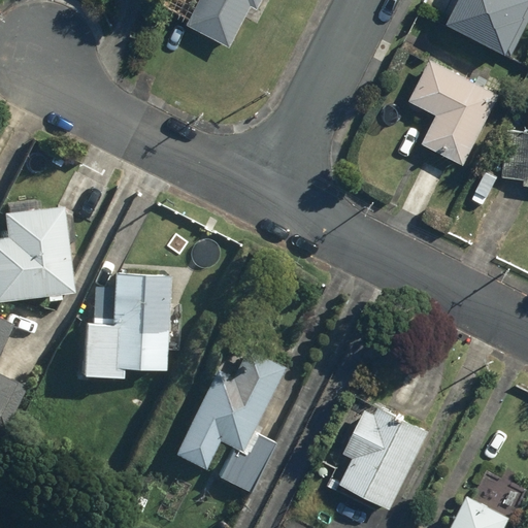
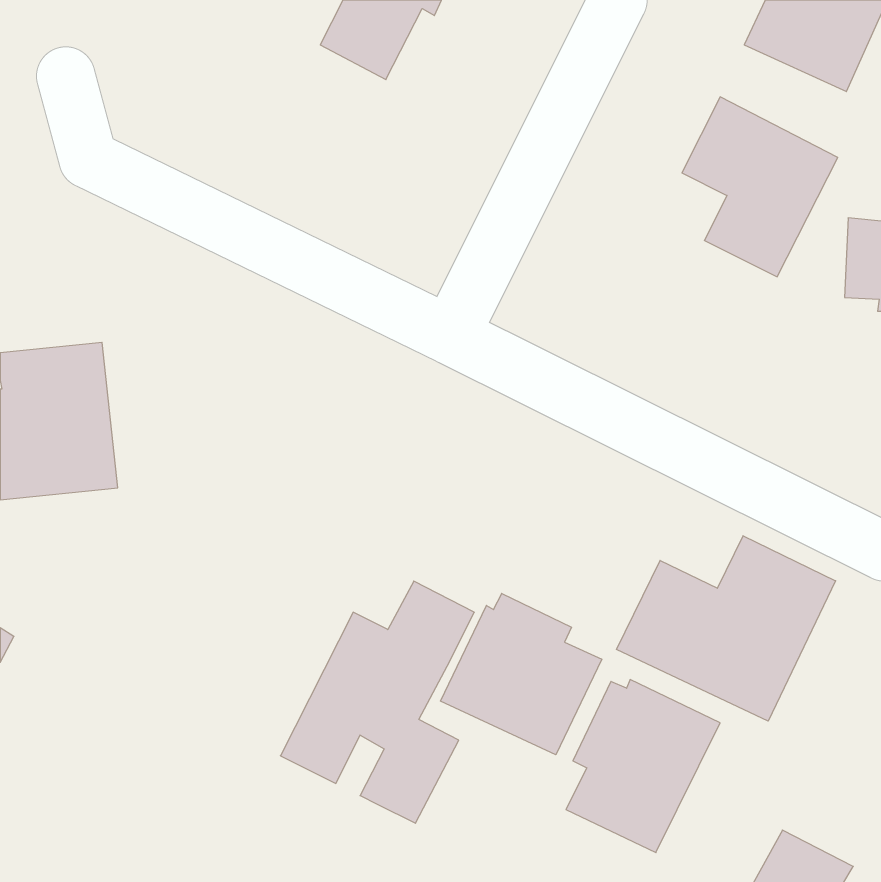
building: [79,272,169,377] -> none
building: none -> [617,536,836,721]
building: none -> [440,593,602,755]

